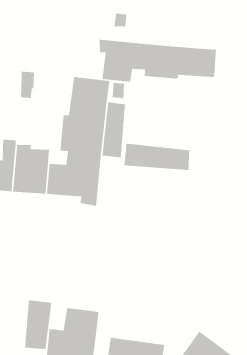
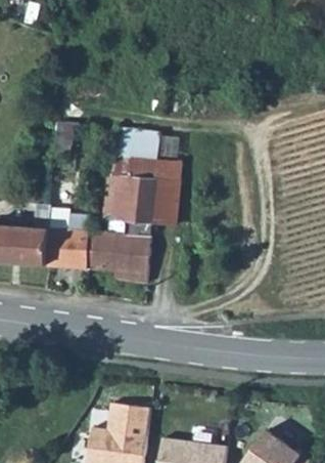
building: [99,39,217,82] -> none
building: [124,143,190,171] -> none
building: [24,299,52,350] -> none

